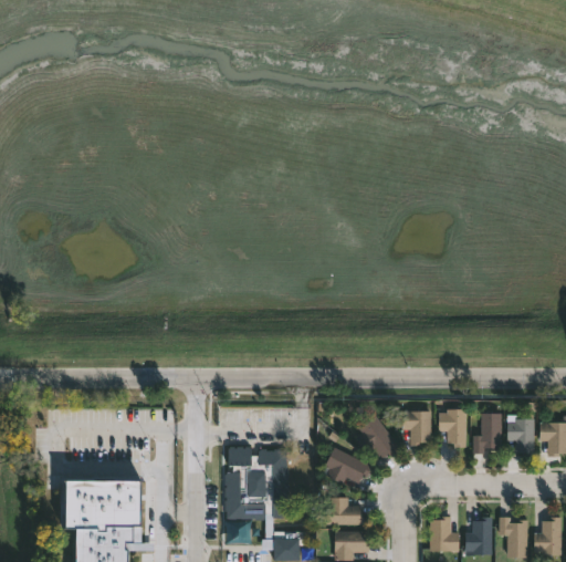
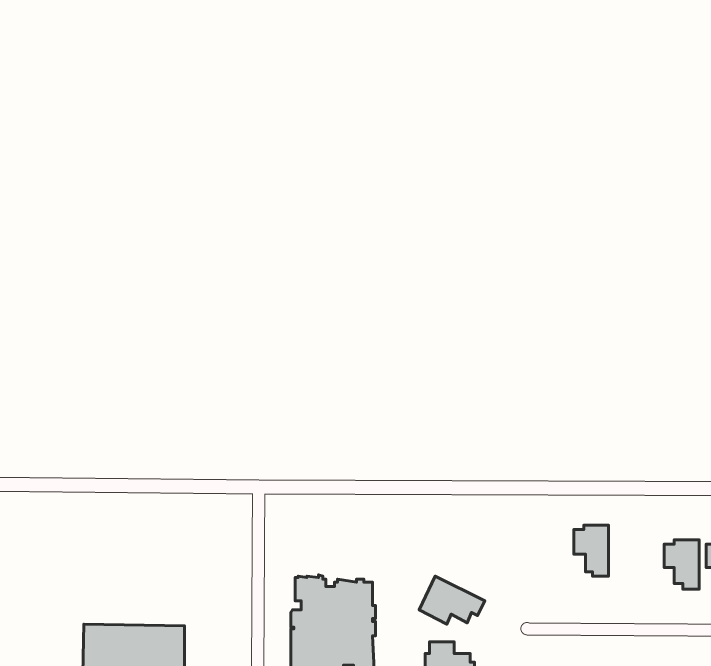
building: [402,412,431,446] -> none
building: [472,413,501,454] -> none
building: [356,416,400,459] -> none

